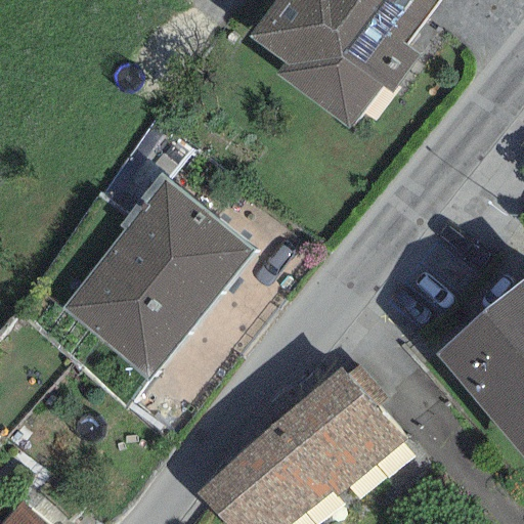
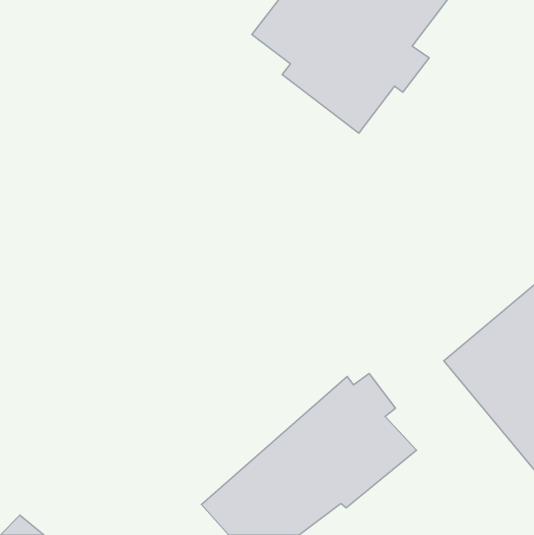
building: [62,171,258,379] -> none

